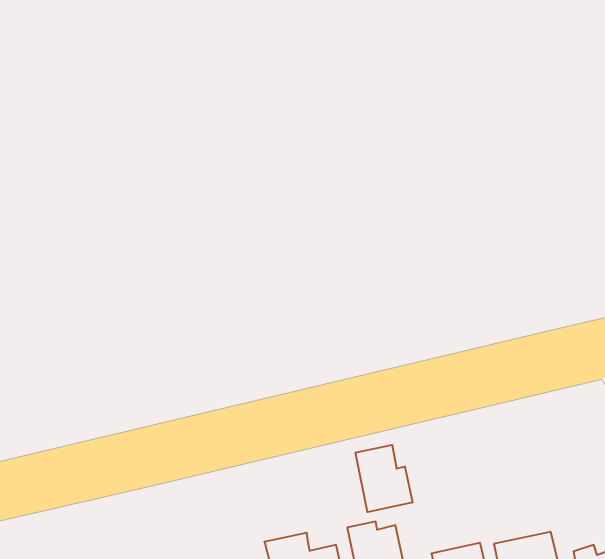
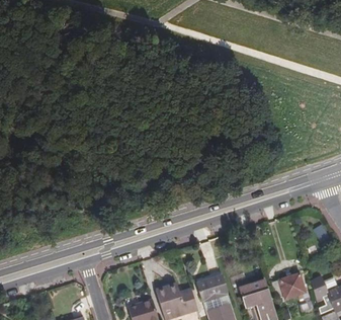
building: [356,445,412,512] -> none

